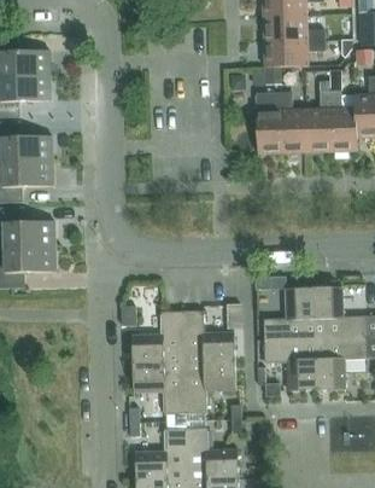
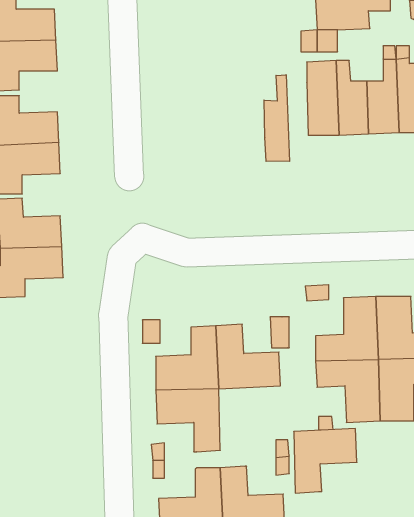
building: none -> [264,75,289,161]
building: [184,360,236,413] -> [294,429,357,493]

